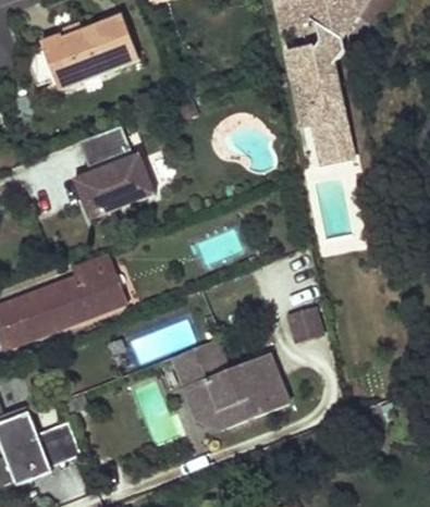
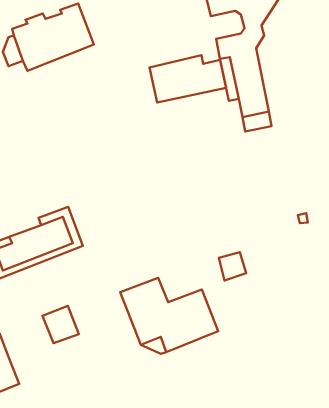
building: none -> [149,55,226,103]
building: [72,125,153,219] -> none
building: [37,422,81,467] -> [42,306,79,343]

